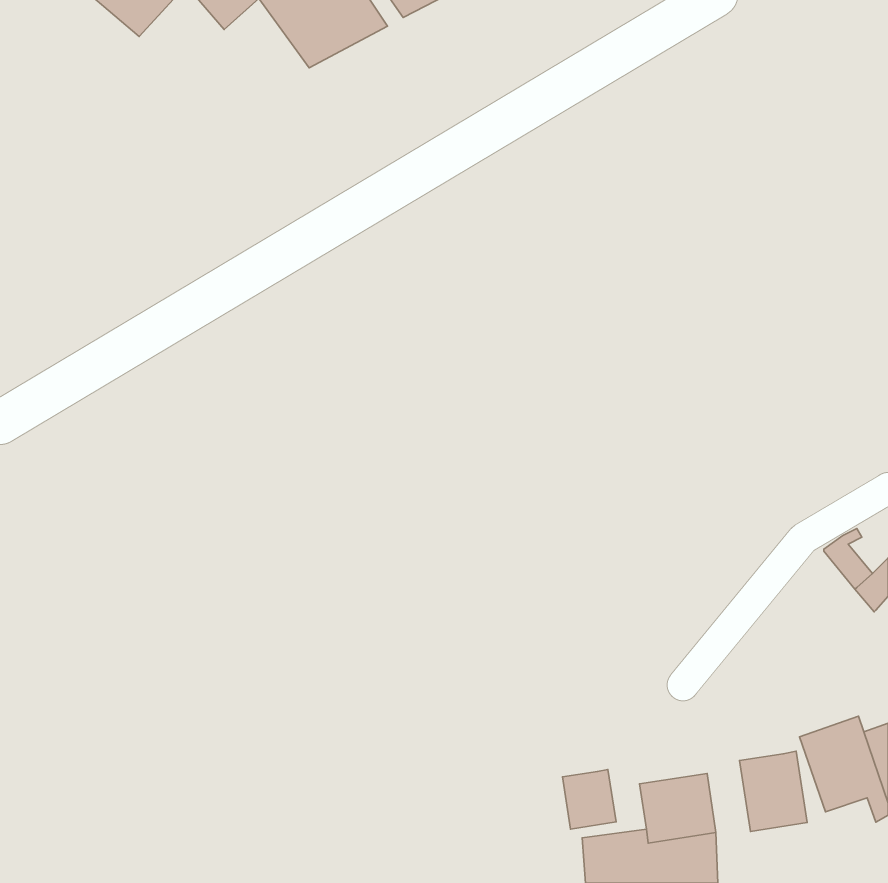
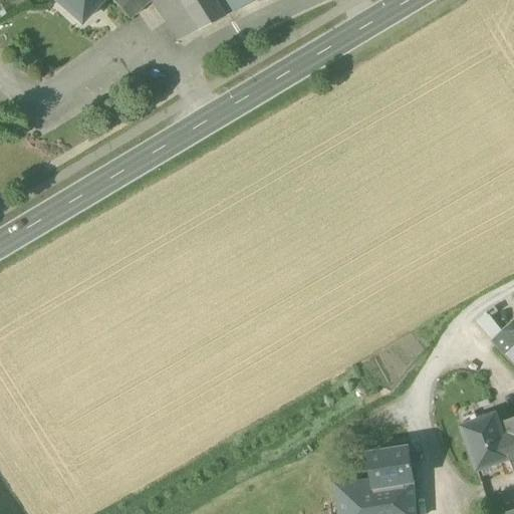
building: [740,751,807,832] -> none
building: [562,770,616,829] -> none

